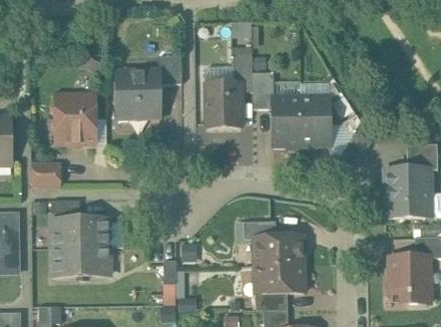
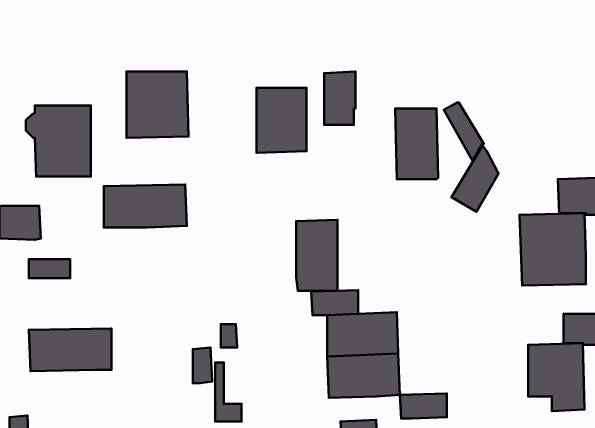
building: [232,54,252,90] -> none
building: [158,55,181,83] -> none
building: [272,96,300,144] -> [296,220,338,291]
building: [51,218,107,247] -> [104,185,187,227]
building: [255,292,287,309] -> [400,393,447,419]

